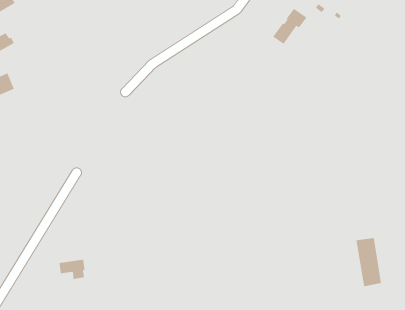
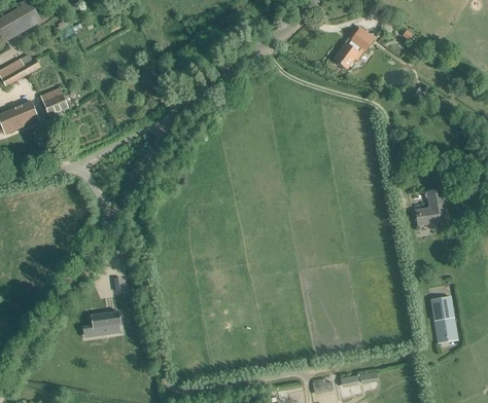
building: none -> [41,90,67,116]
building: none -> [414,187,447,224]

